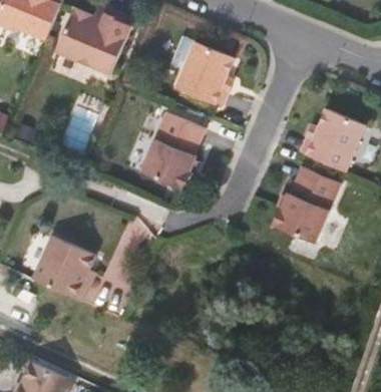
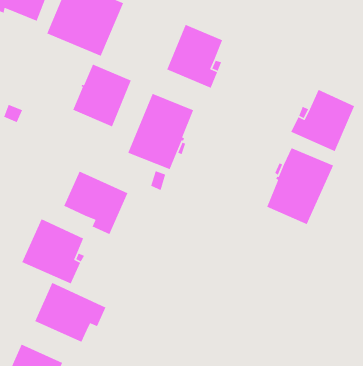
building: none -> [72,63,132,128]
building: none -> [63,170,129,235]
building: none -> [34,282,106,343]

